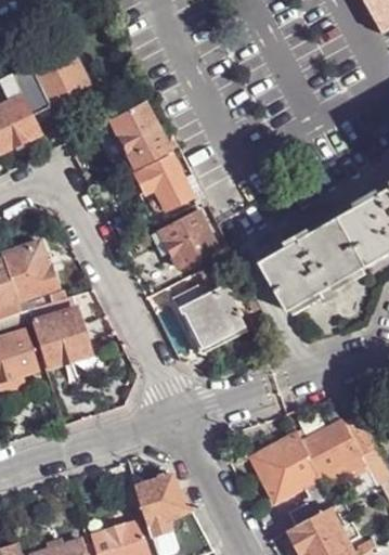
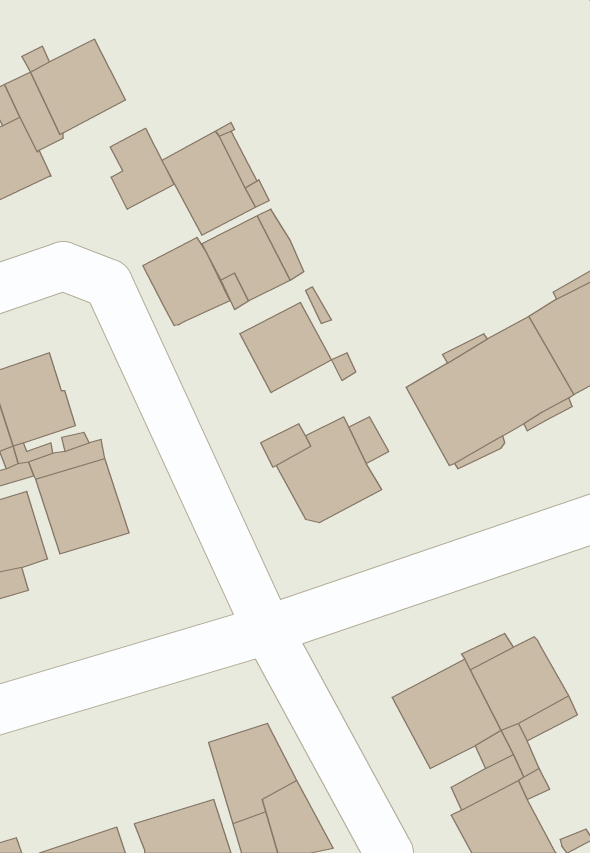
building: none -> [110,128,174,209]
building: none -> [143,237,230,326]

